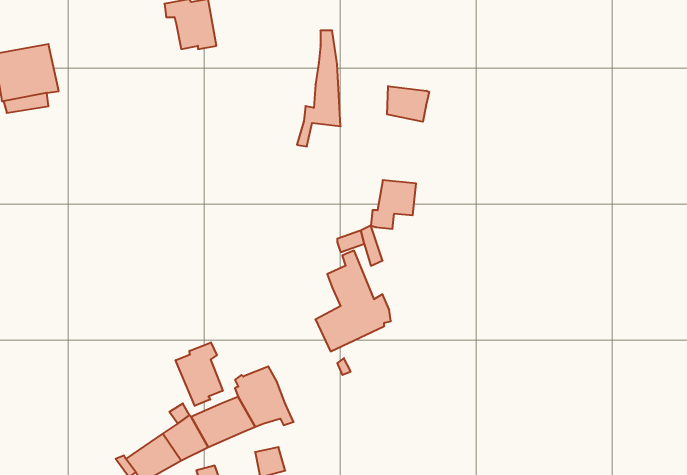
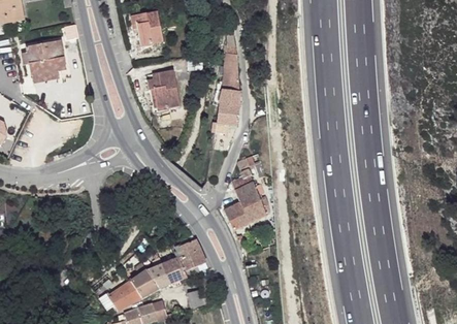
building: [387,86,429,122] -> none
building: none -> [148,70,181,108]
building: [371,180,416,229] -> [211,103,239,133]
building: [176,342,223,406] -> none

